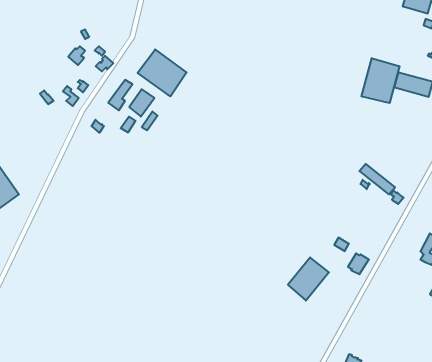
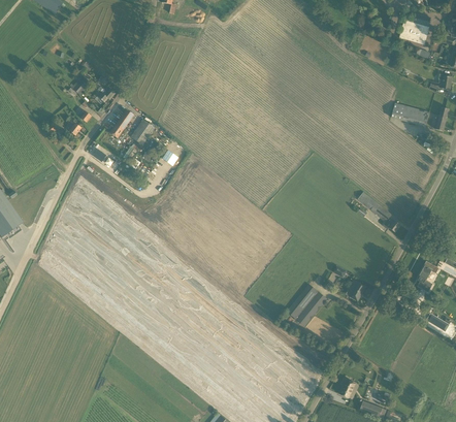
building: [138,49,187,96] -> none
building: [361,58,400,103] -> none

